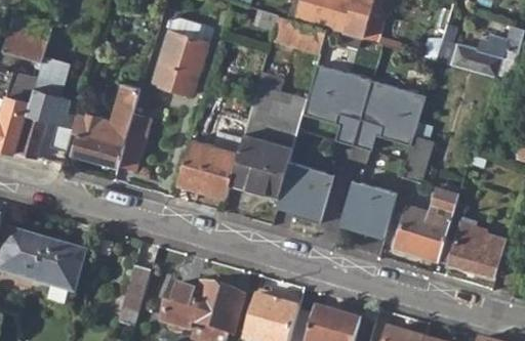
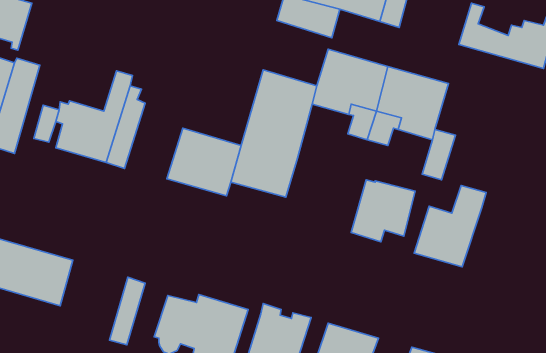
building: [154,30,206,94] -> none
building: [277,161,331,222] -> none
building: [436,205,506,274] -> none

